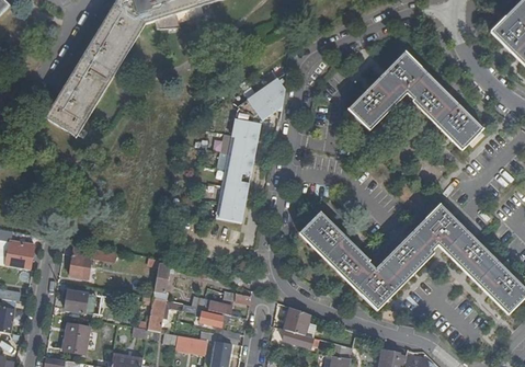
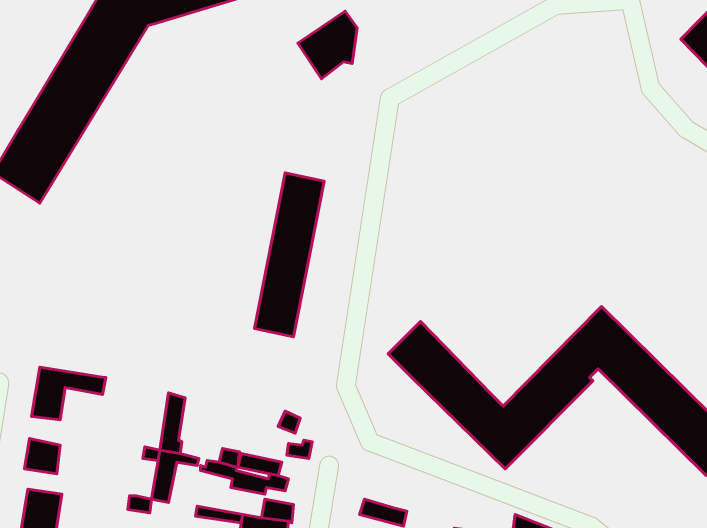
building: [347,50,483,150] -> none
building: [246,77,284,121] -> [298,11,357,79]
building: [284,307,311,334] -> none

